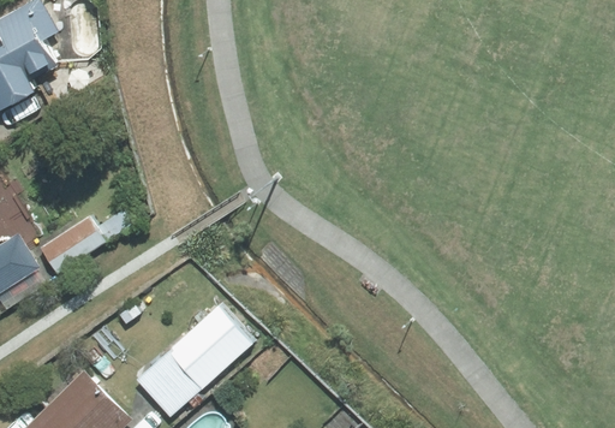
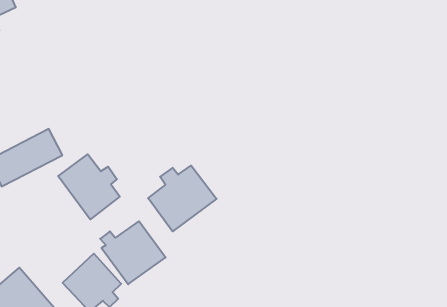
building: none -> [58,154,120,219]
building: none -> [148,166,217,231]

